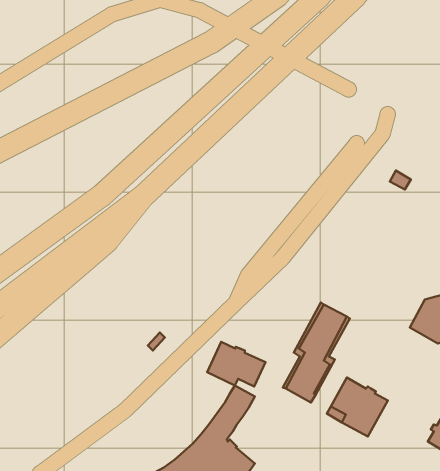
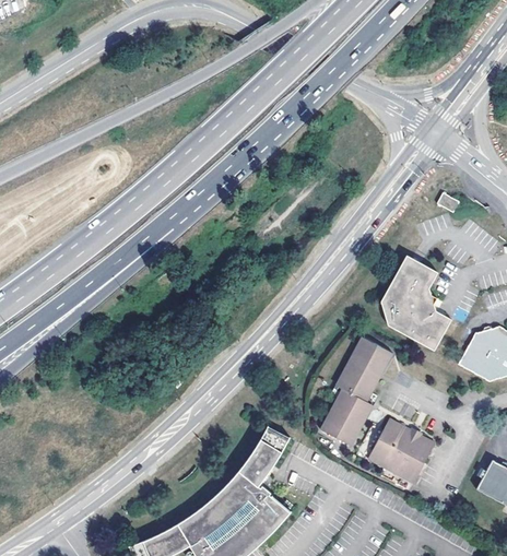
building: none -> [381,256,451,351]
building: [207,342,266,387] -> none

